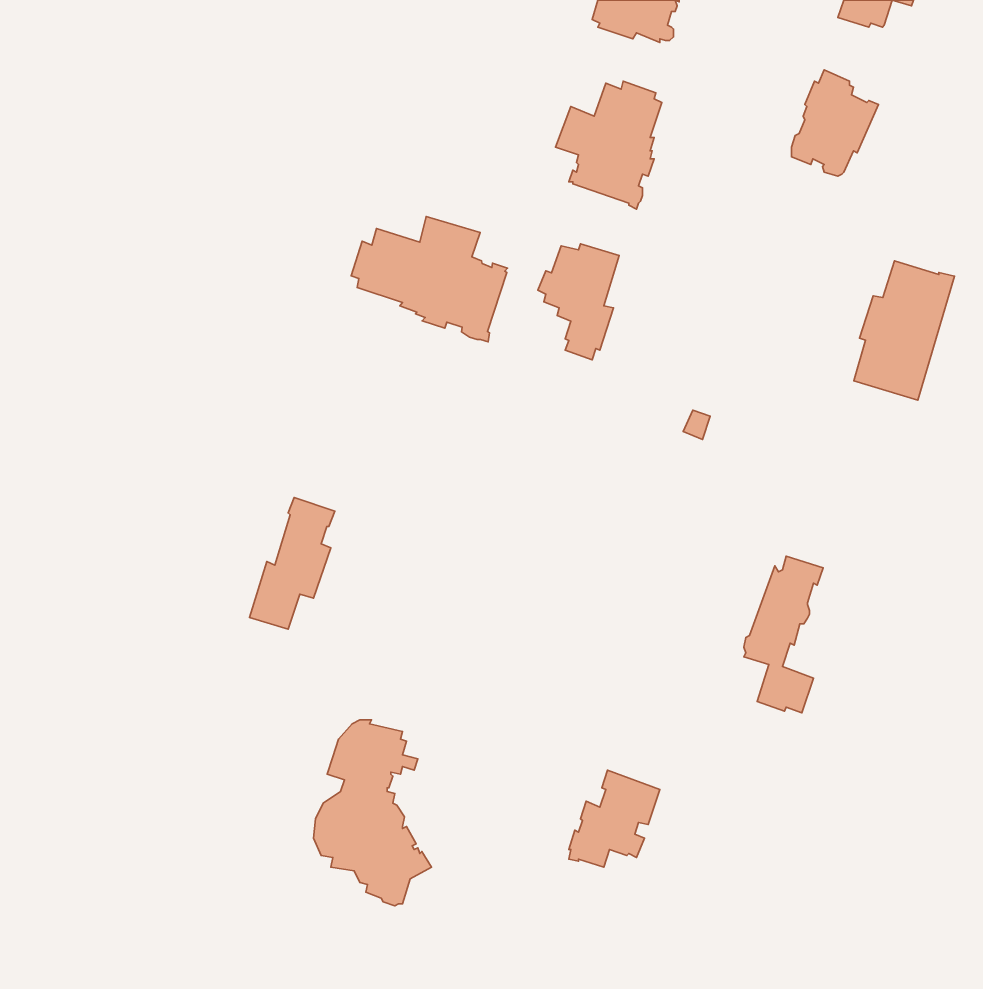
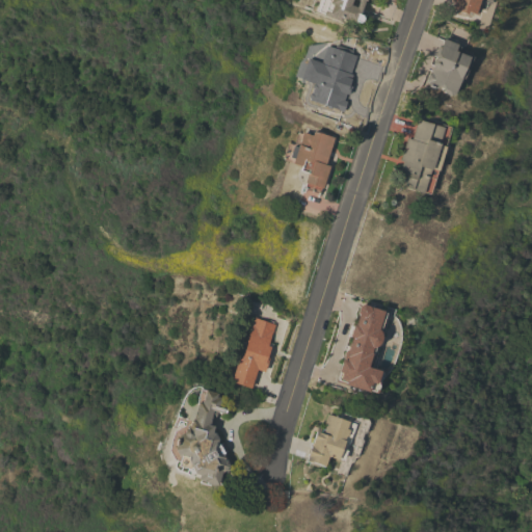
building: [351,217,507,342] -> none
building: [854,261,954,400] -> [398,118,452,193]
building: [250,497,335,629] -> [232,317,277,388]
building: [744,556,823,713] -> [346,308,389,392]

